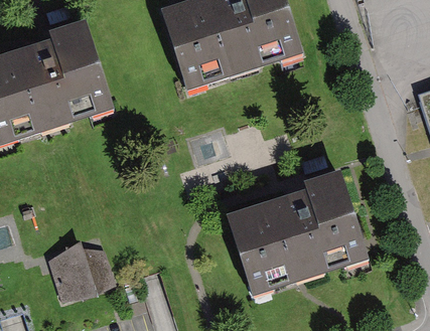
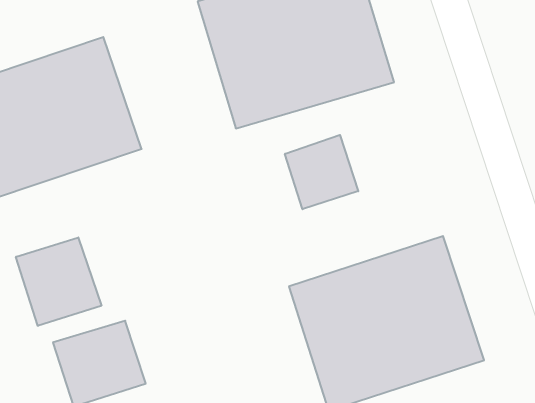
building: none -> [285,135,358,209]
building: none -> [16,237,101,326]

